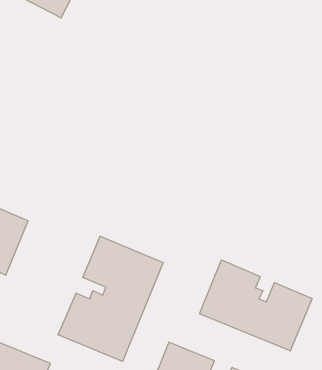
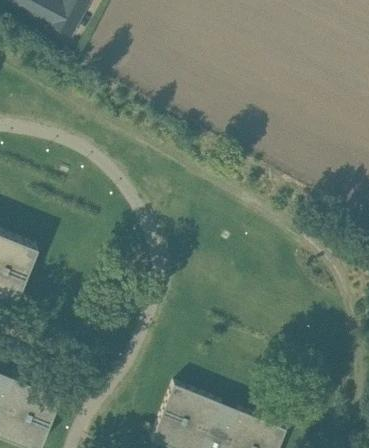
building: [58,236,163,361] -> none
building: [200,260,312,351] -> none

